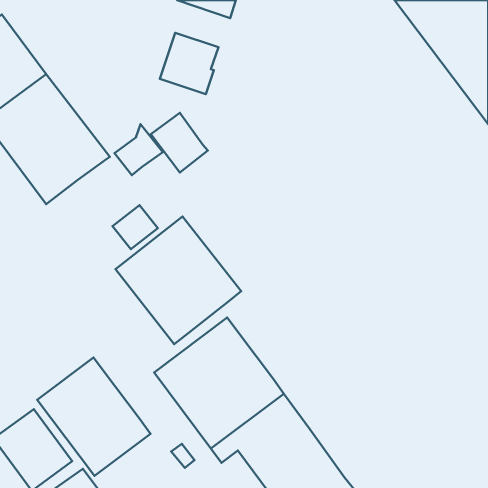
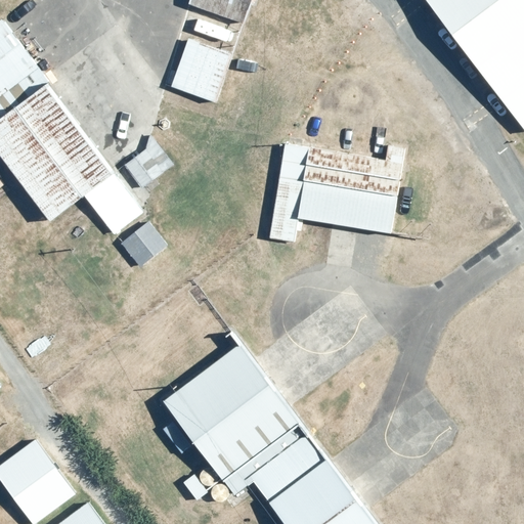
building: [151,113,208,173] -> [83,173,143,236]
building: none -> [268,143,405,243]
building: [115,216,241,344] -> none
building: [37,358,151,476] -> none

